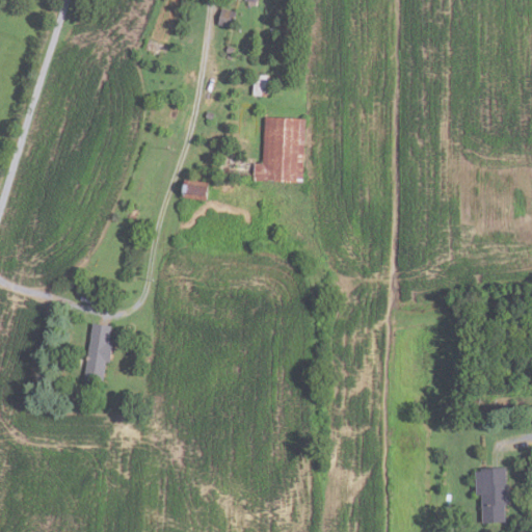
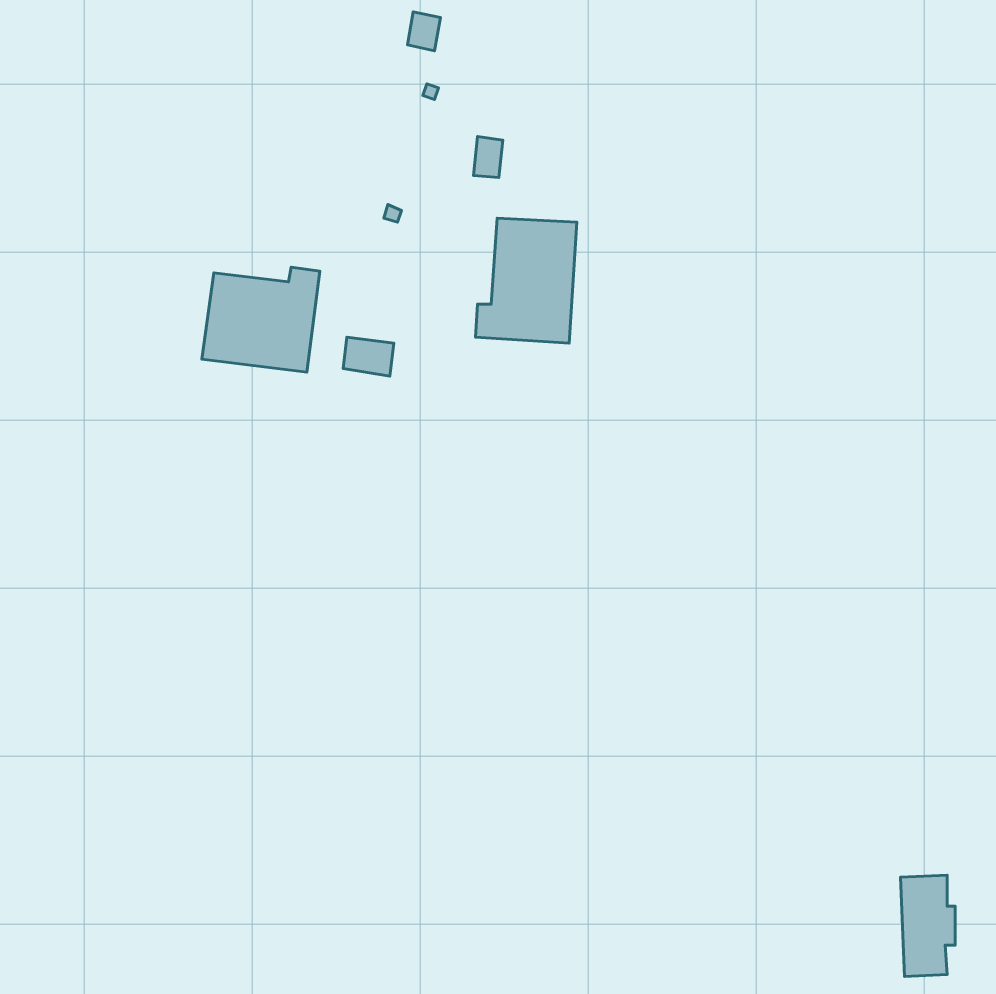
building: none -> [202,267,320,372]
building: [83,322,113,382] -> none

